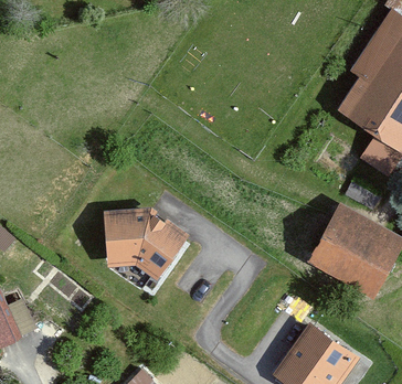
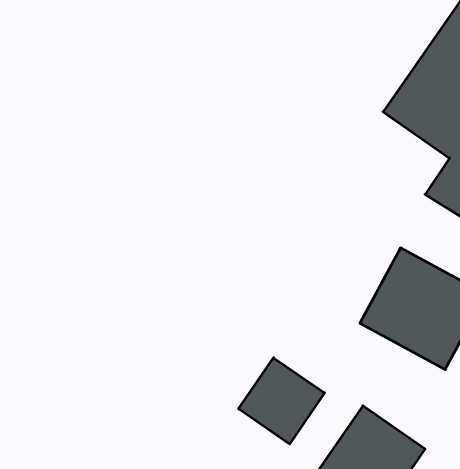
building: [109,210,187,281] -> none
building: none -> [239,358,325,444]

